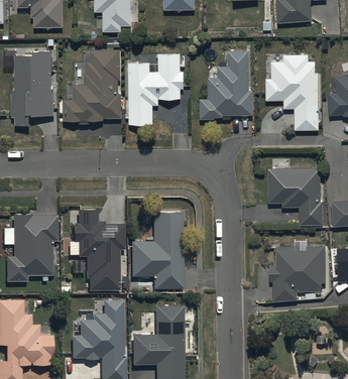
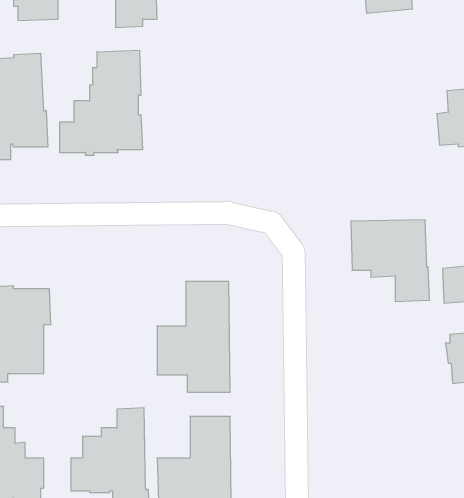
building: [199,50,252,119] -> none
building: [127,51,184,124] -> none
building: [265,54,319,130] -> none
building: [73,210,124,291] -> none
building: [269,245,326,301] -> none

